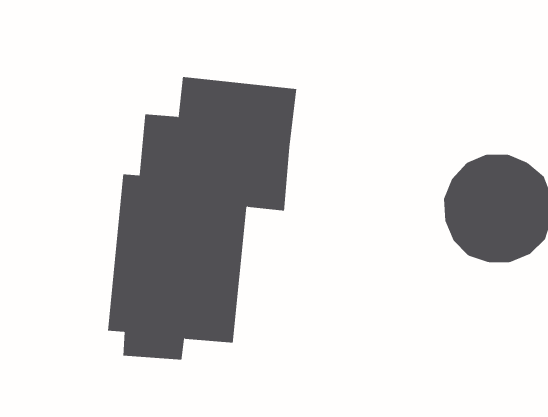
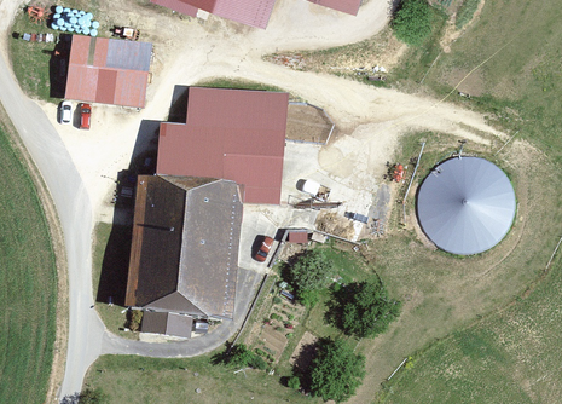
building: none -> [66,37,153,108]

